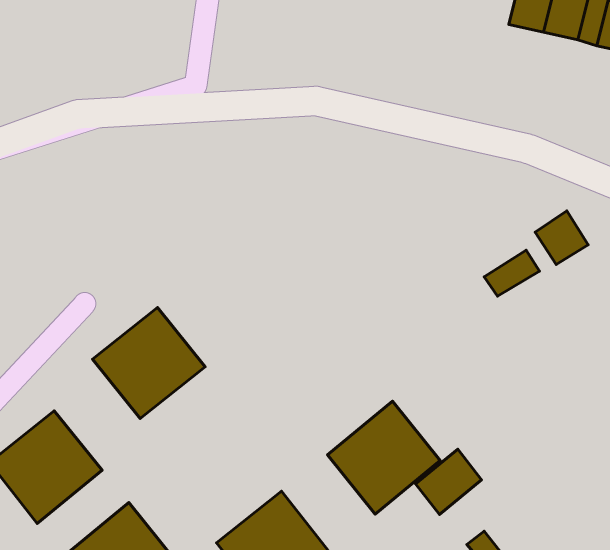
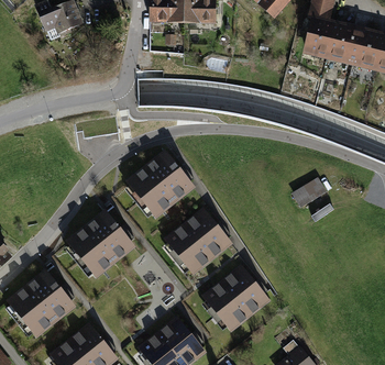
building: none -> [128,152,194,215]
building: [535,211,588,265] -> none
building: none -> [166,208,231,273]
building: [416,449,482,514] -> none

